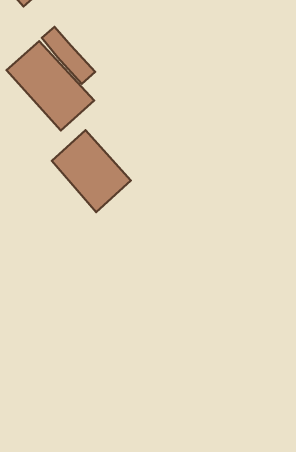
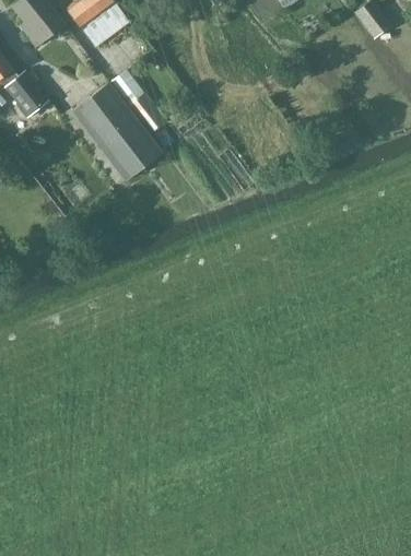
building: [52,130,131,212] -> none

